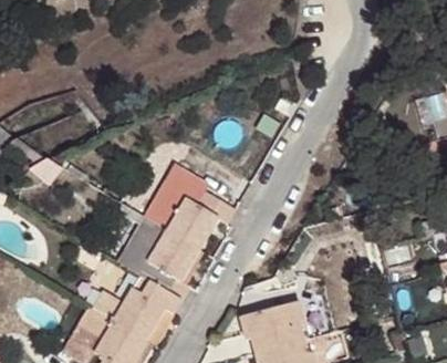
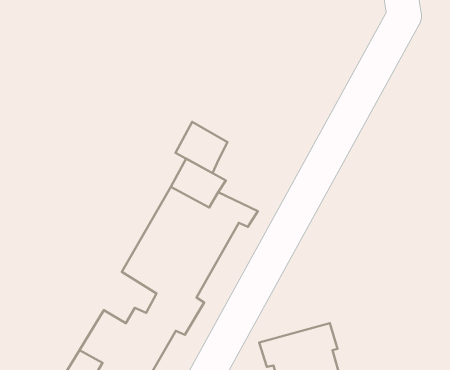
building: none -> [175,122,228,173]

